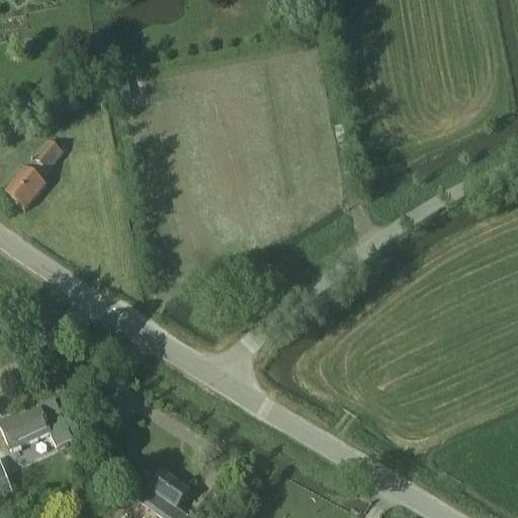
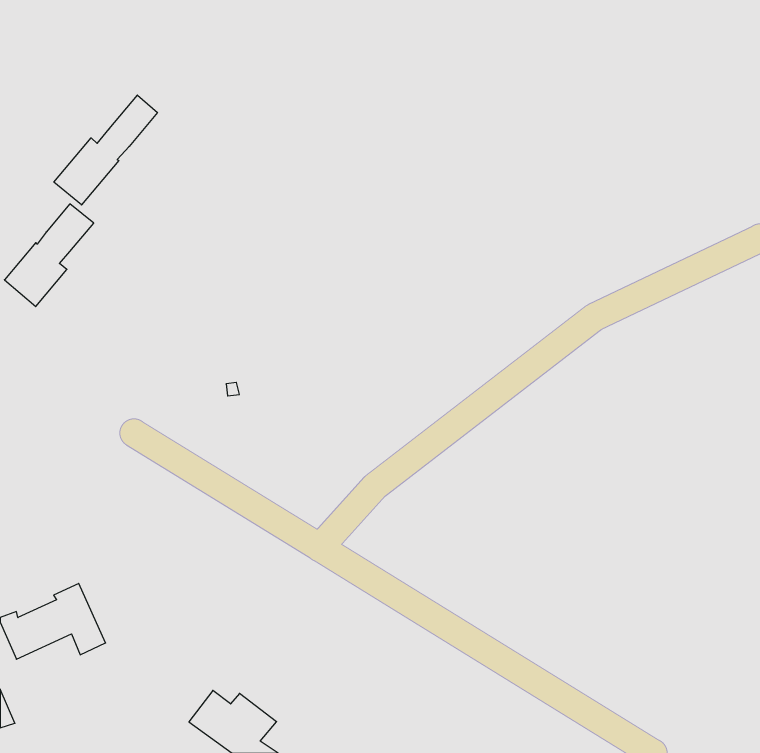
building: none -> [54,95,157,205]

